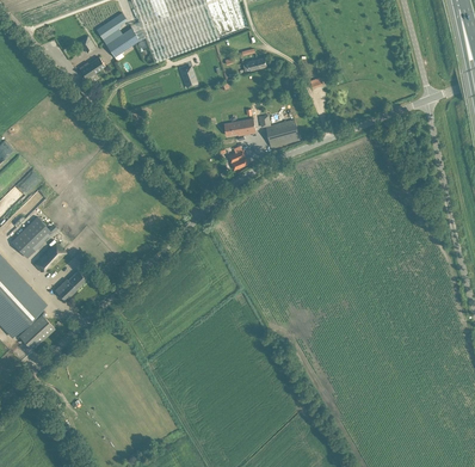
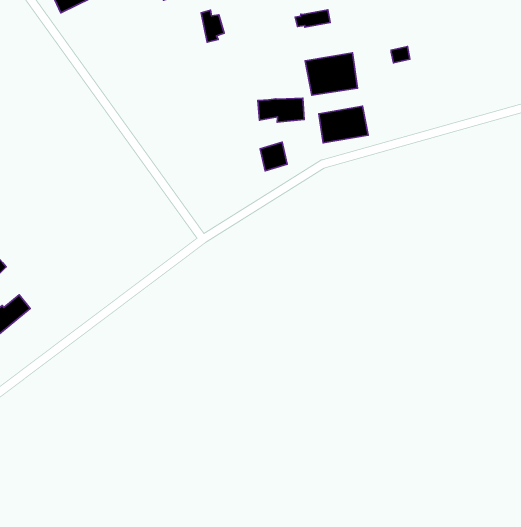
building: none -> [305,53,358,95]

